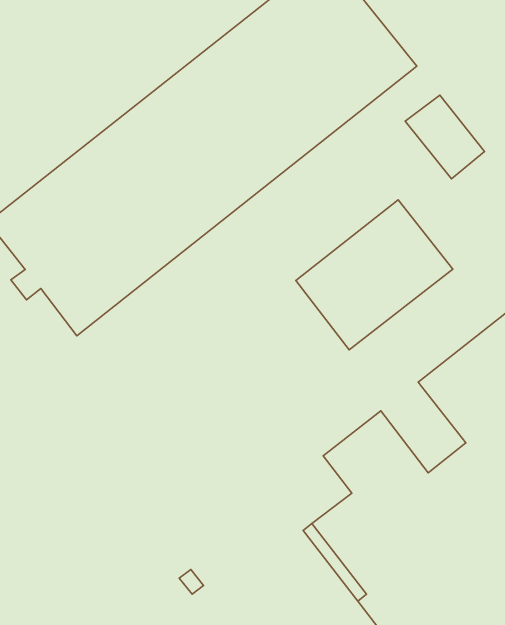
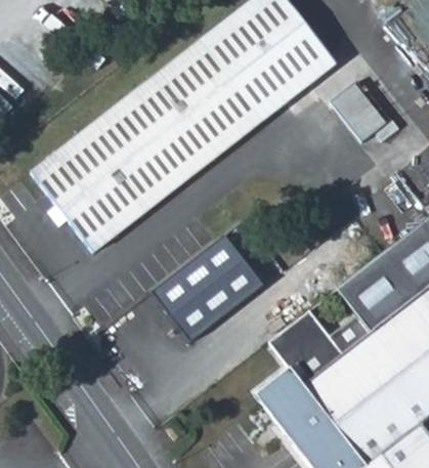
building: [296,200,453,350] -> [157,235,268,341]

